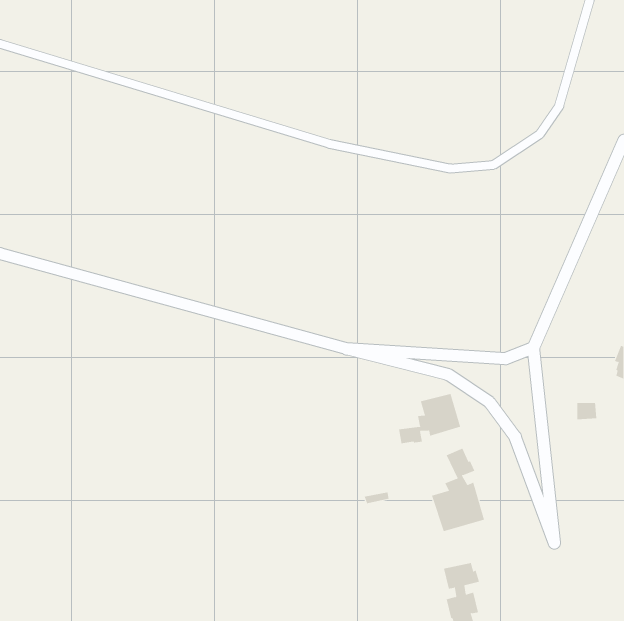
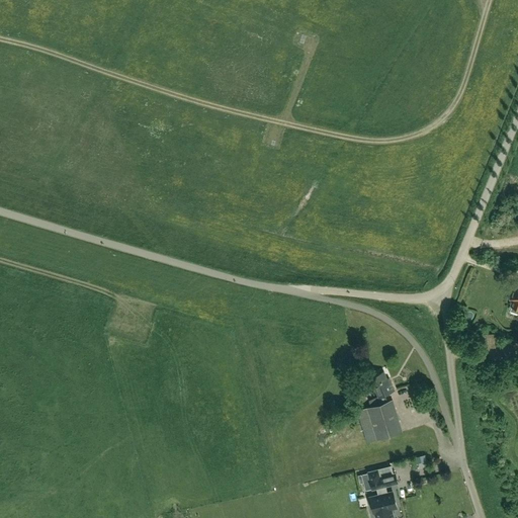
building: [399,393,461,444] -> none

